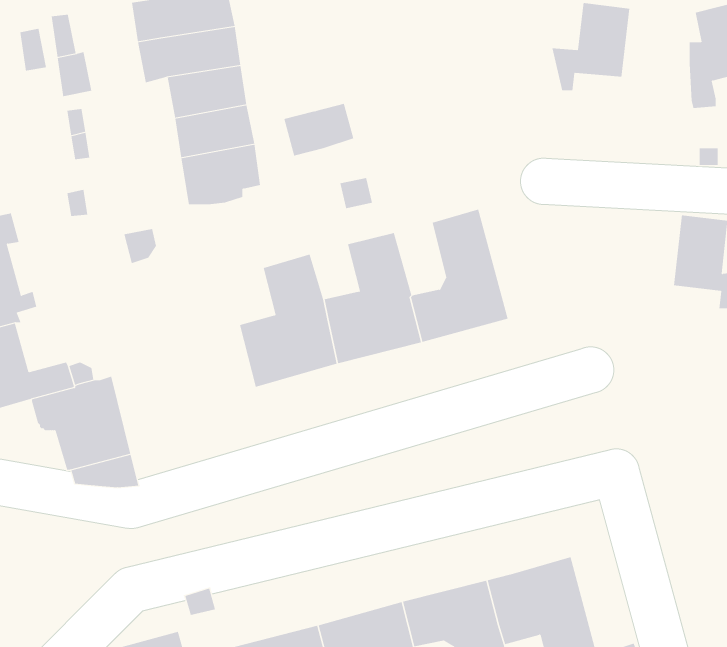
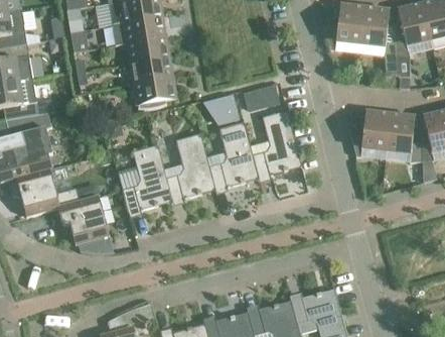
building: none -> [360,7,398,76]
building: [284,103,354,156] -> [243,84,279,111]
building: none -> [350,111,391,156]
building: none -> [118,145,172,213]

